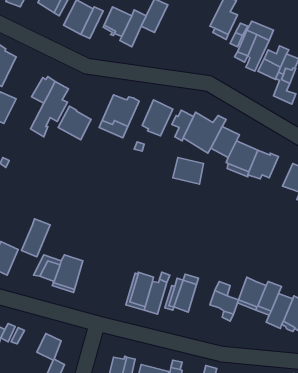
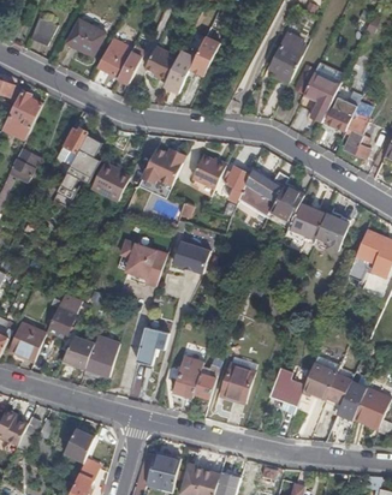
building: [173,157,203,184] -> [171,241,207,273]
building: none -> [119,240,166,286]
building: none -> [136,326,167,364]

